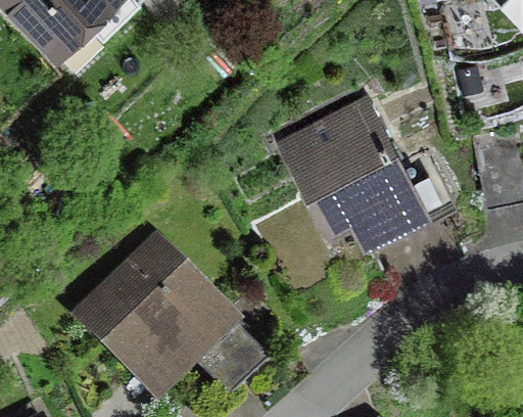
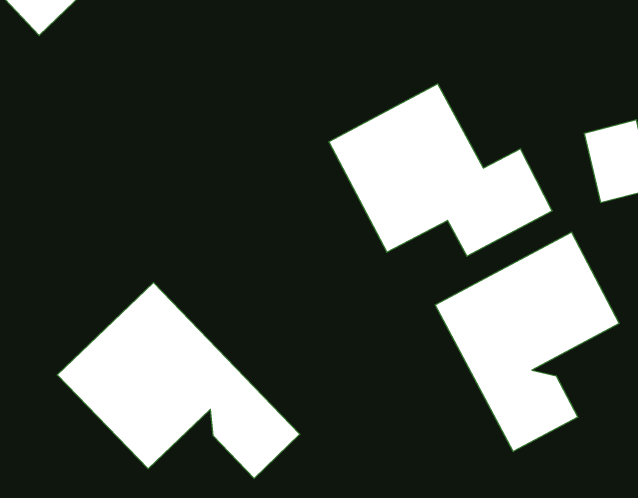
building: none -> [435,232,619,452]

